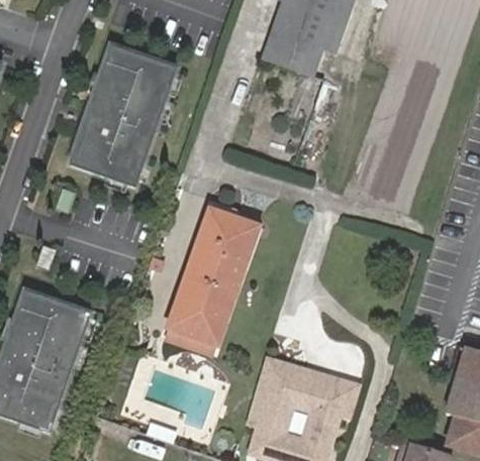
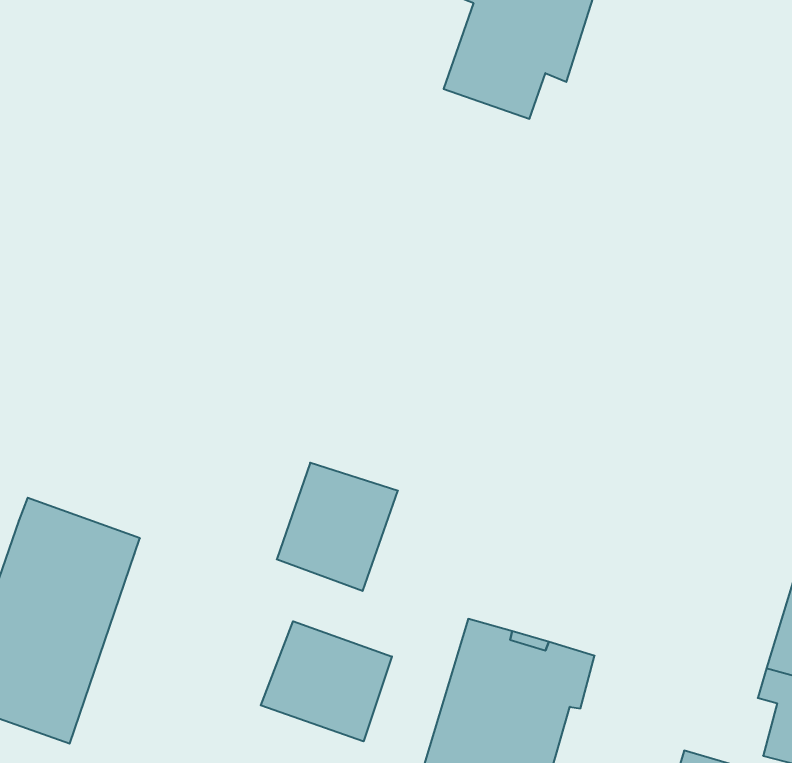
building: [69,46,176,187] -> none
building: [187,208,260,287] -> none
building: none -> [261,621,392,741]

